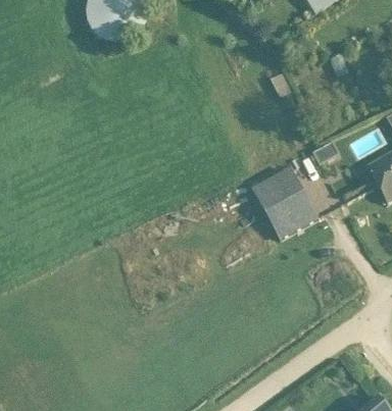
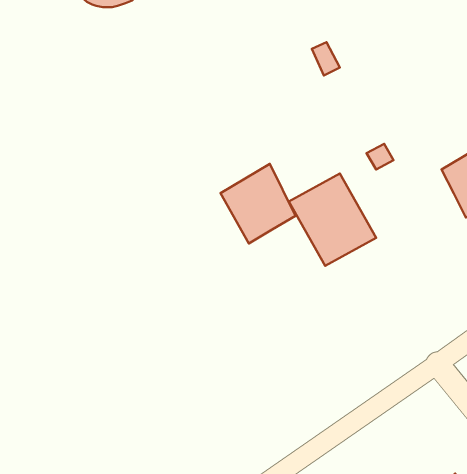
building: none -> [221,164,295,243]

